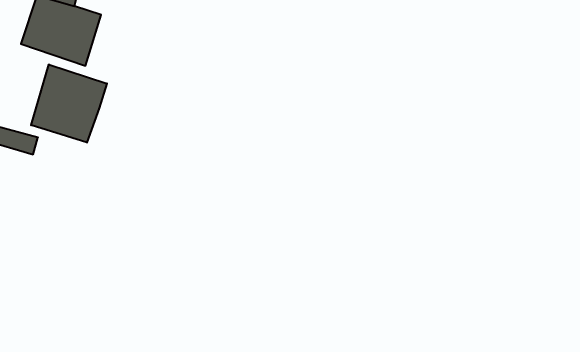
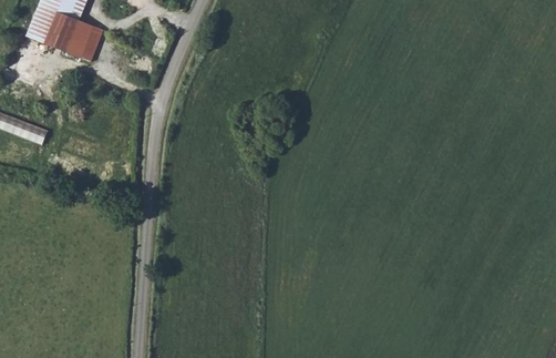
building: [31,64,107,143] -> none

